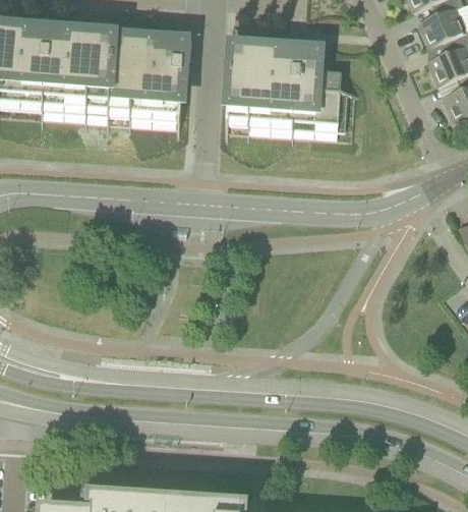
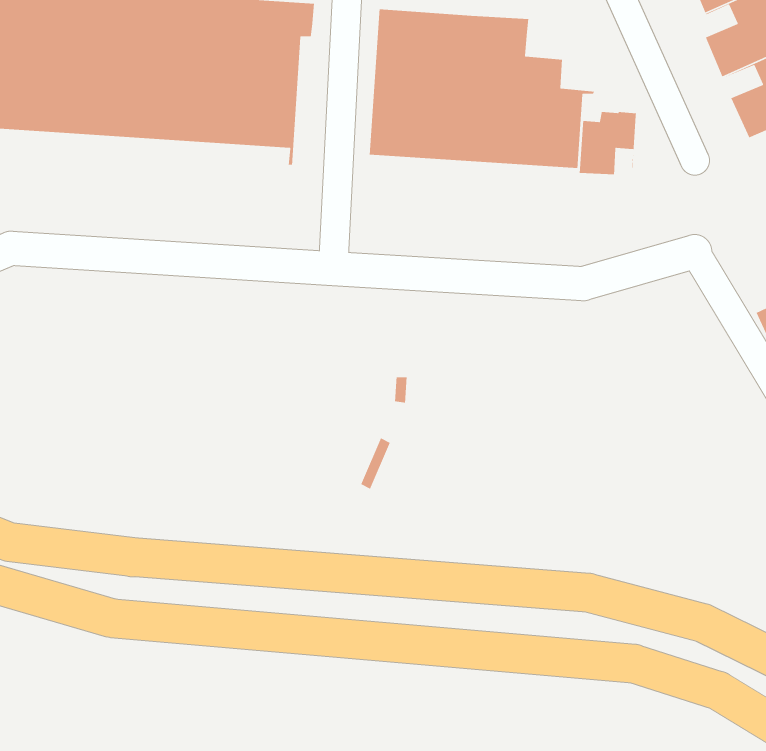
building: none -> [579,111,637,175]

